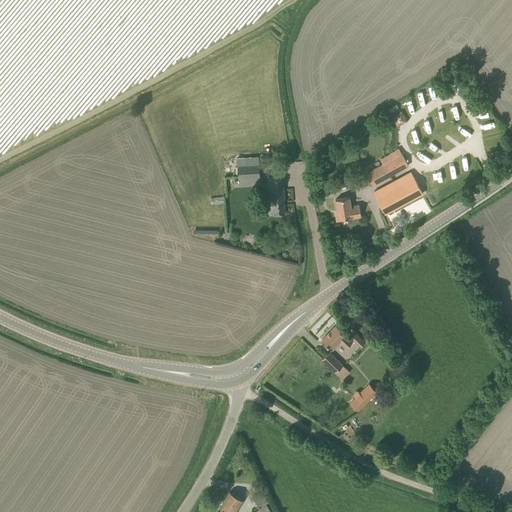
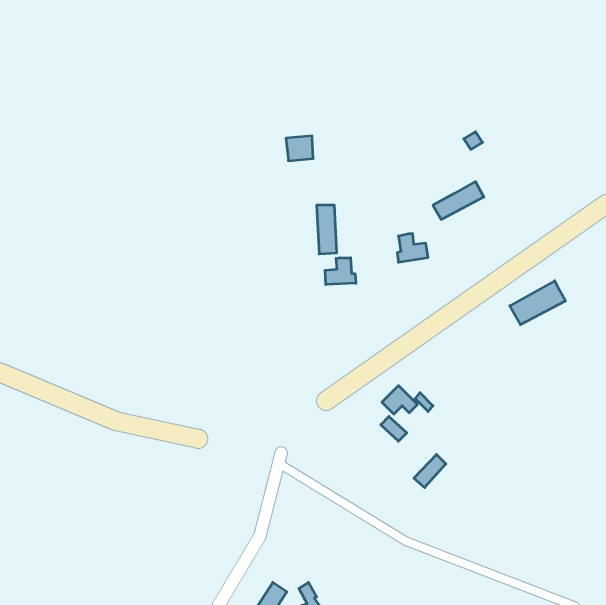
building: [236,157,259,178] -> [286,136,313,161]
building: [376,177,423,214] -> [510,281,565,325]
building: none -> [325,258,356,285]

